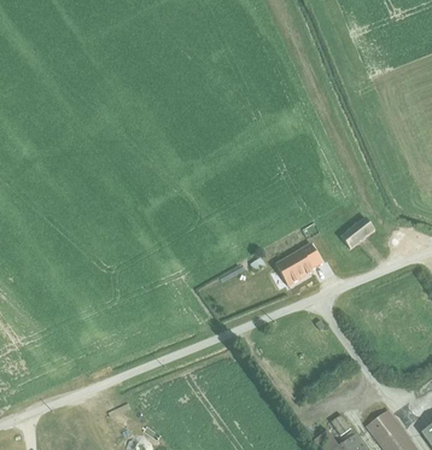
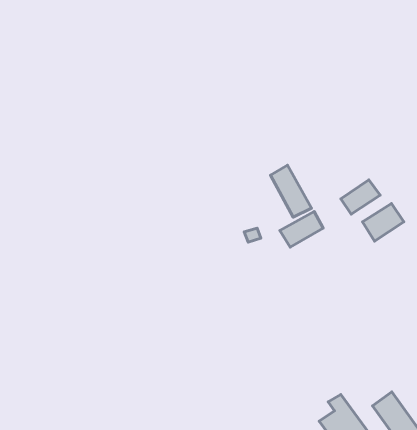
building: none -> [271,165,312,217]
building: none -> [363,204,404,241]

